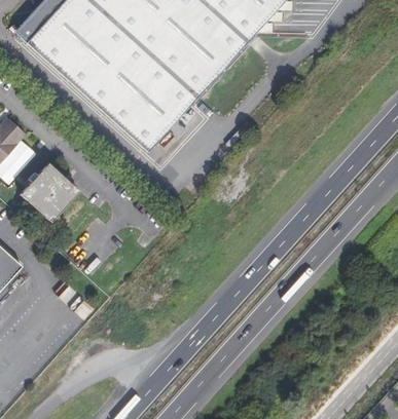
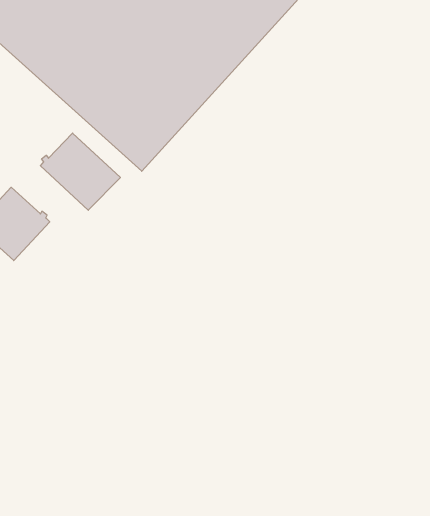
building: none -> [40,133,120,210]

